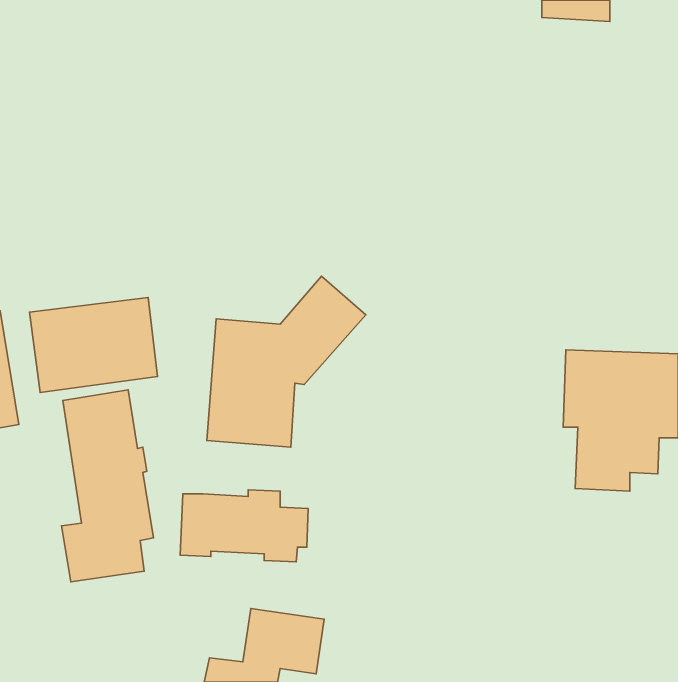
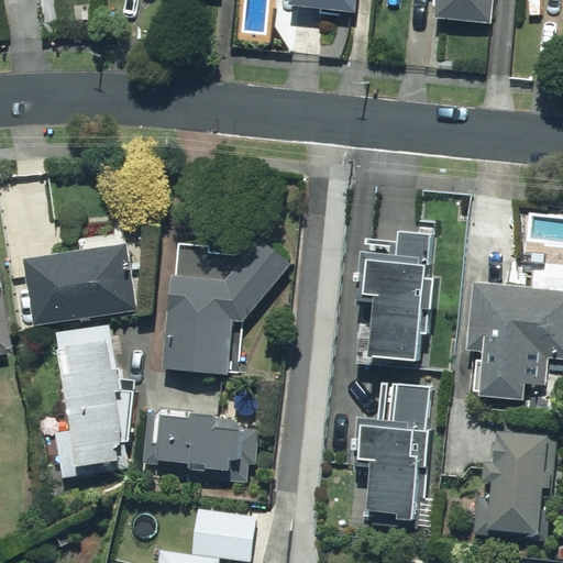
building: none -> [365,230,438,363]
building: none -> [345,382,435,533]
building: none -> [472,430,552,539]

